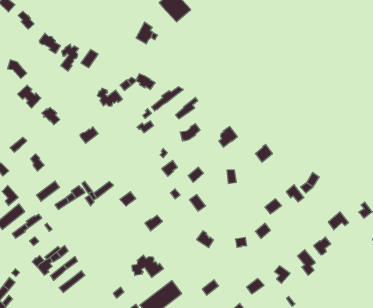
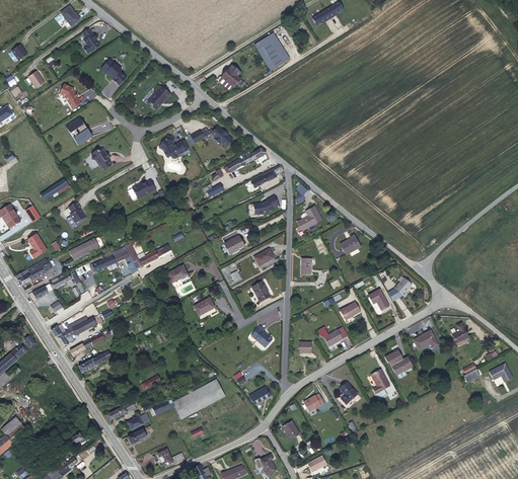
building: [61,44,79,71] -> none
building: [132,255,163,278] -> none

